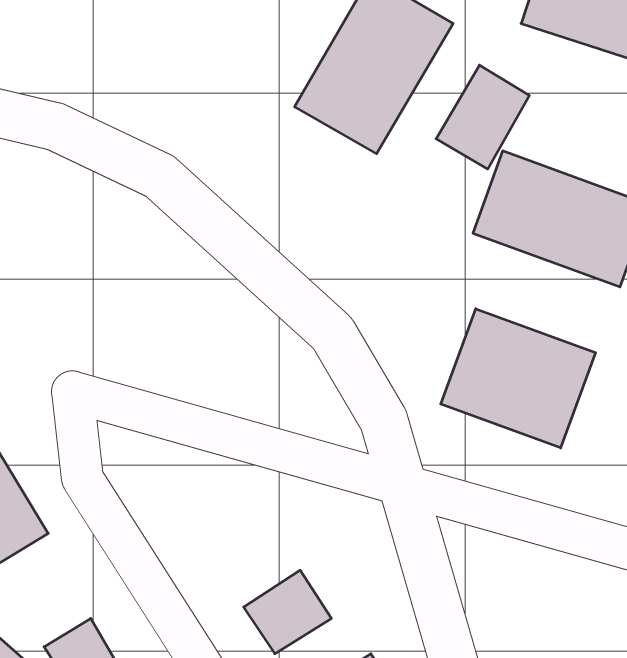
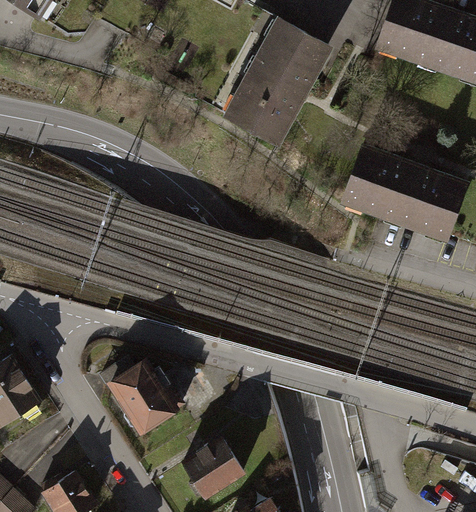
building: [436,65,529,169] -> none
building: [441,309,596,448] -> none
building: none -> [109,361,177,434]

